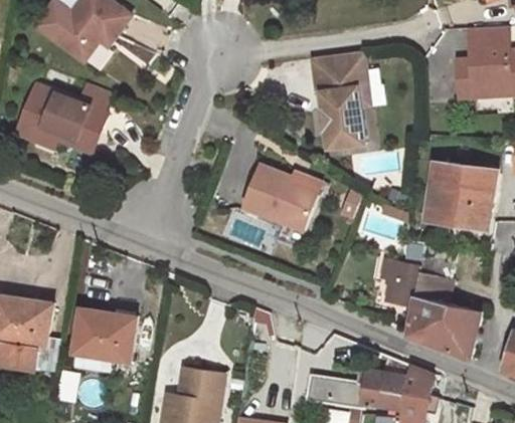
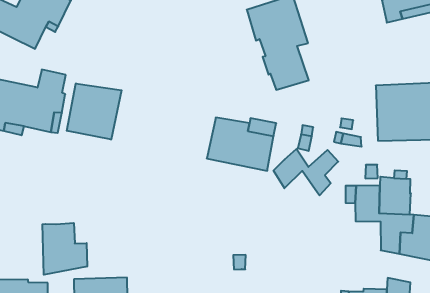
building: none -> [67,83,122,140]
building: none -> [274,149,338,195]
building: none -> [42,223,87,275]

